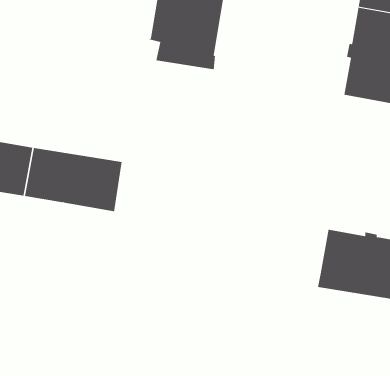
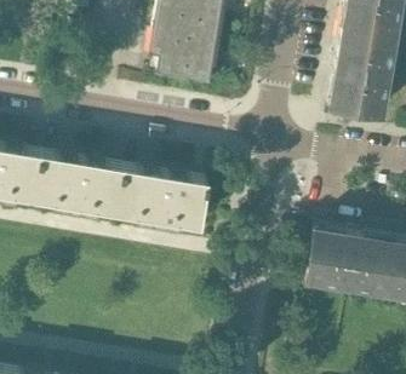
building: none -> [119,168,210,228]

